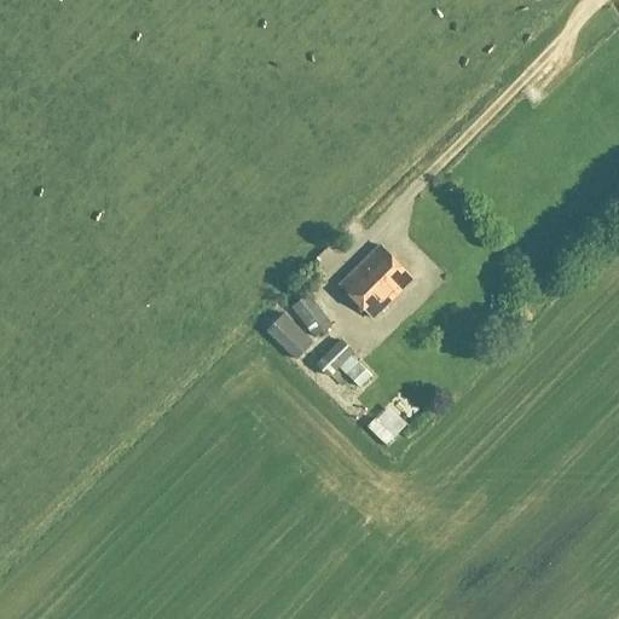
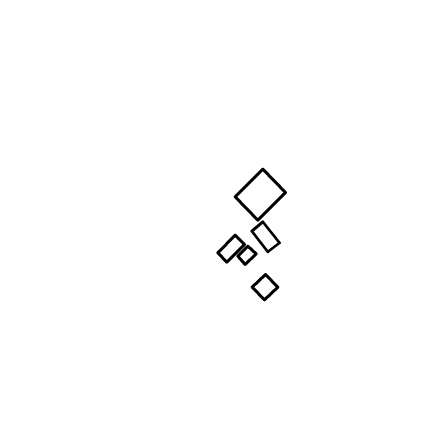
building: [291,294,331,337] -> [252,222,279,252]
building: [265,313,312,360] -> none

